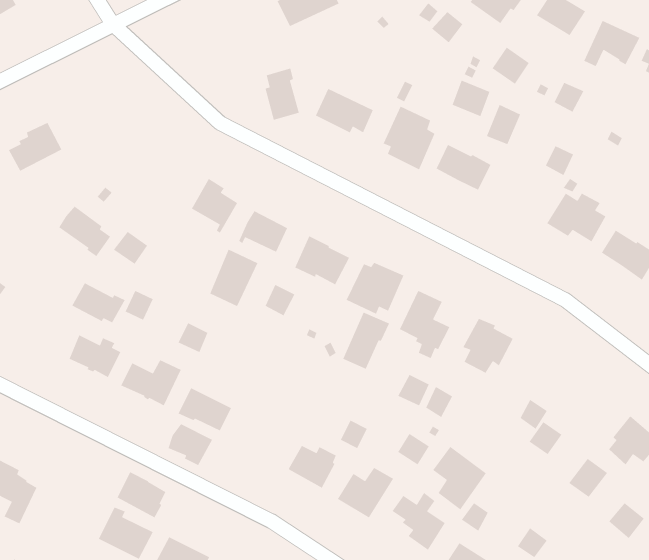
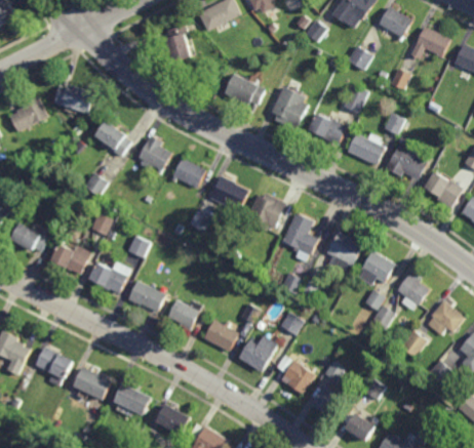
building: [264,68,300,121] -> [165,24,190,60]
building: [452,79,490,117] -> none
building: none -> [54,84,92,113]
building: none -> [347,133,385,165]
building: [58,205,111,257] -> [93,120,130,156]
building: [209,248,258,307] -> none
building: [71,282,126,324] -> [12,223,50,252]
building: [342,311,390,370] -> none
building: none -> [359,251,396,286]
building: none -> [398,275,429,306]
building: [168,423,213,466] -> [168,300,200,330]
building: [432,446,487,511] -> none
building: [116,471,167,518] -> [37,348,72,380]

